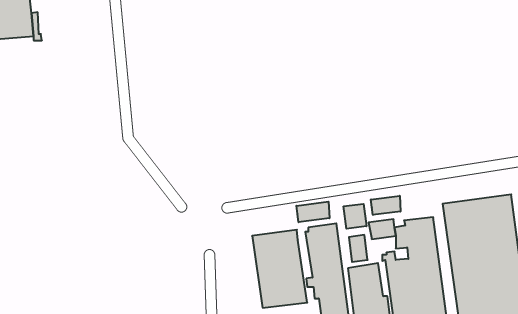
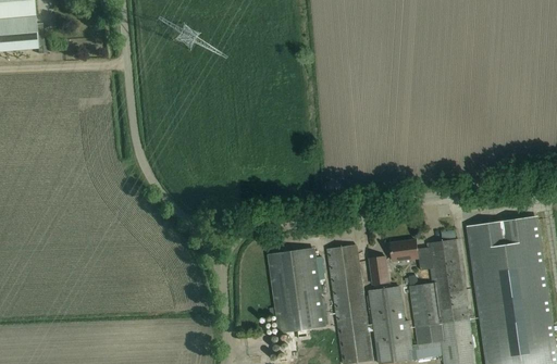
building: [371,196,400,215] -> none
building: [296,202,329,222] -> none
building: [344,204,366,229] -> none

